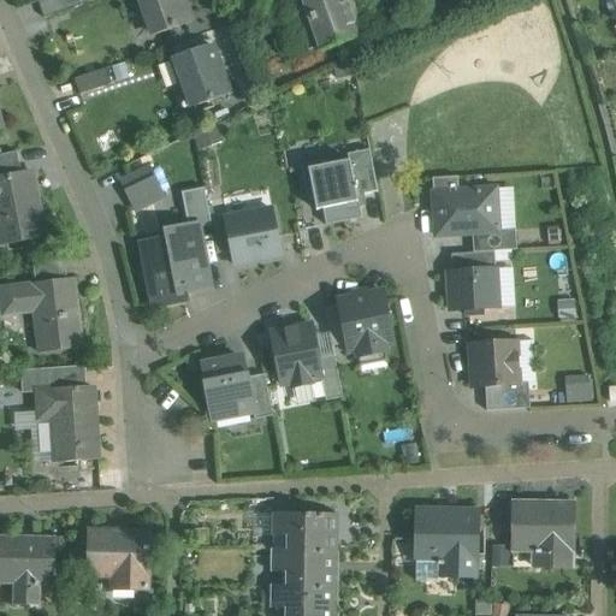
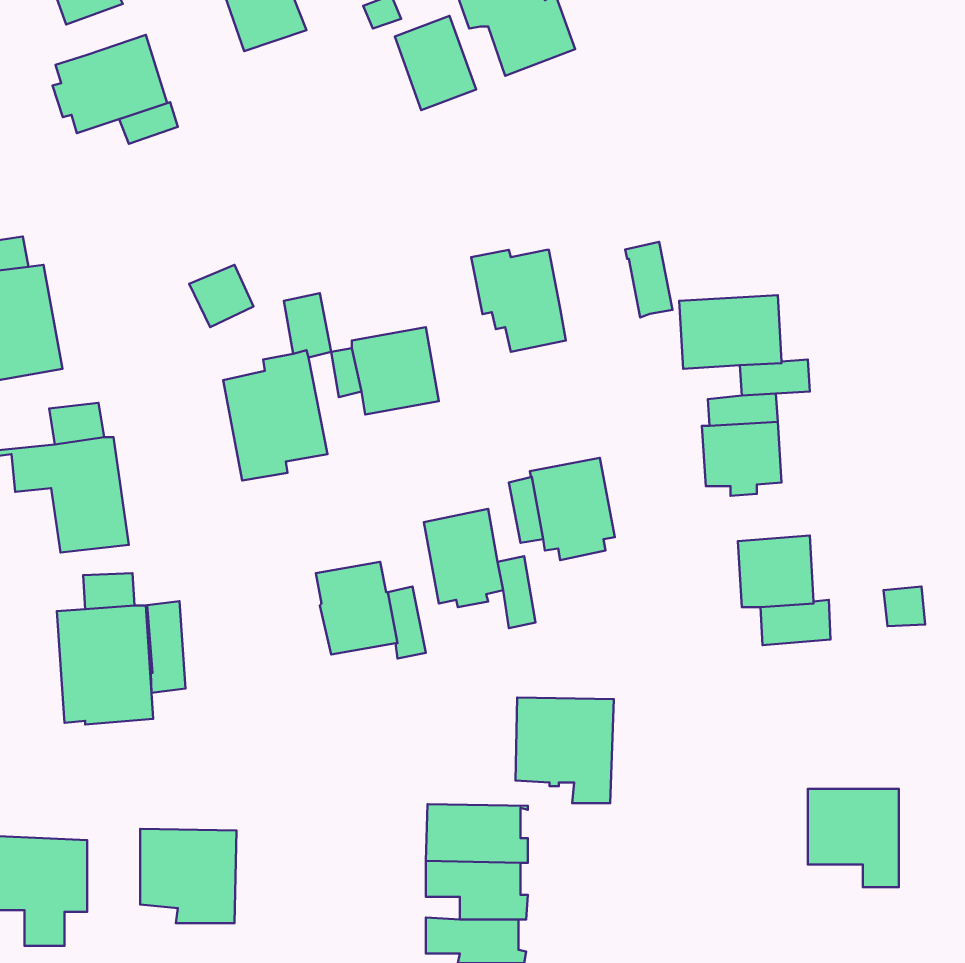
building: none -> [52,35,167,133]
building: [177,43,229,103] -> [395,16,476,110]
building: [346,148,377,196] -> [625,242,672,318]
building: none -> [147,601,186,693]
building: [416,507,479,574] -> [515,697,614,803]

